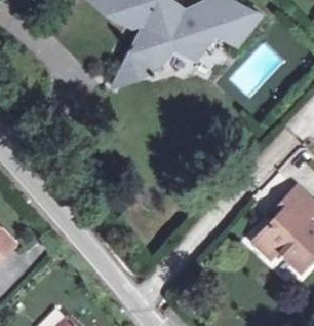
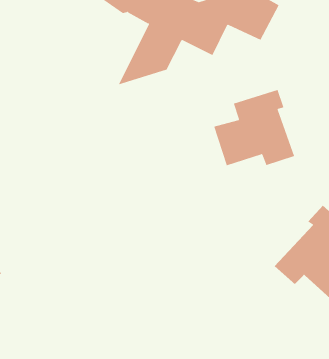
building: none -> [214,89,295,166]

